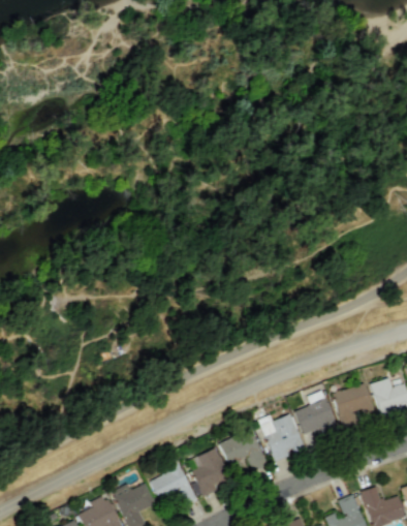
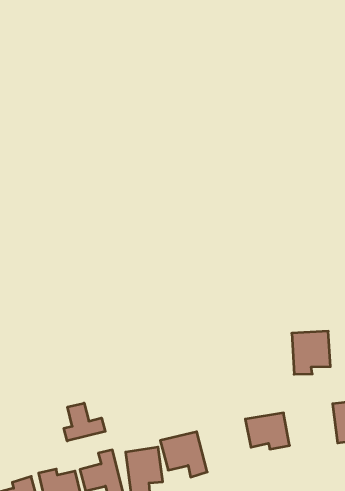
building: [335,383,375,428] -> [292,331,330,374]
building: [260,413,304,462] -> none
building: none -> [64,403,105,441]

